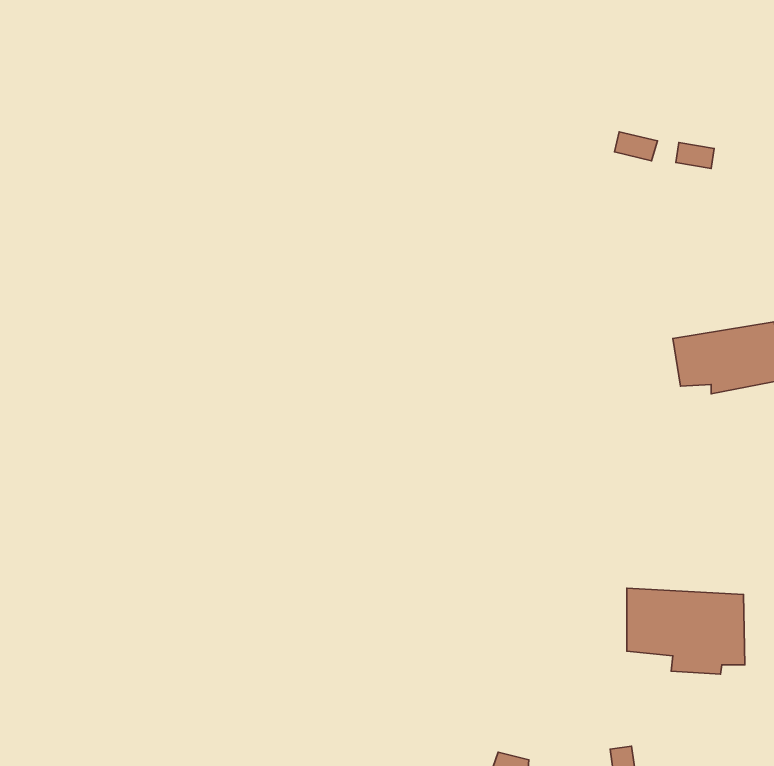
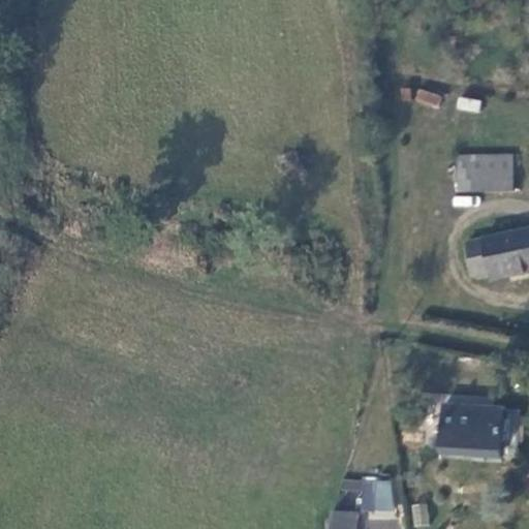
building: none -> [462,144,511,184]
building: none -> [348,489,399,523]

